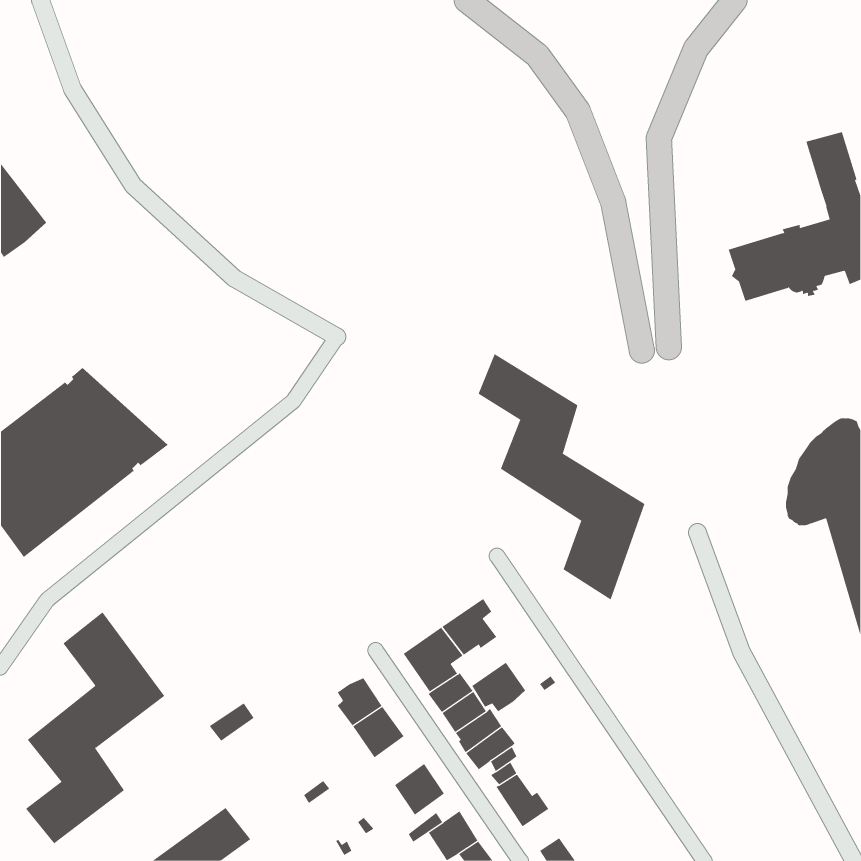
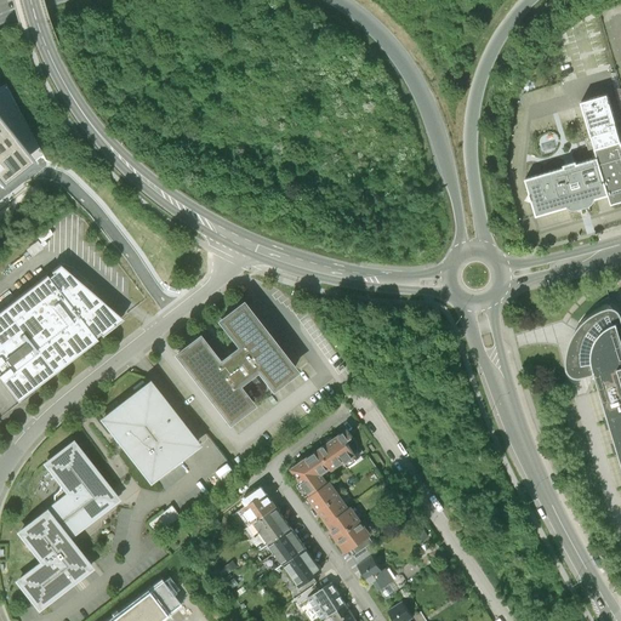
building: [478,353,645,601] -> none
building: none -> [181,306,292,420]
building: none -> [101,381,200,484]
building: [471,662,526,712] -> none
building: none -> [269,530,306,565]

